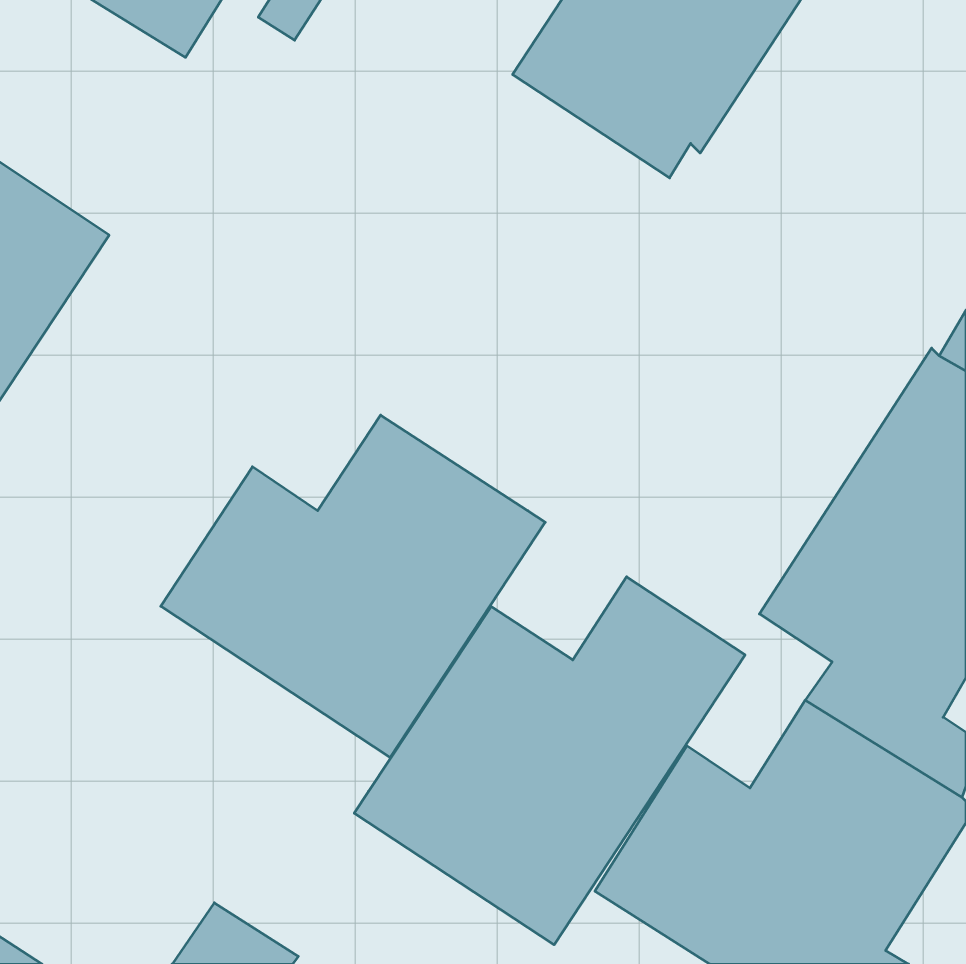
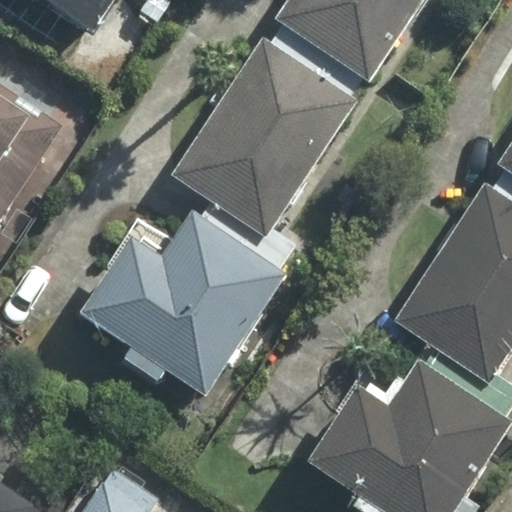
building: none -> [176,39,355,267]
building: [354,577,745,945] -> none

